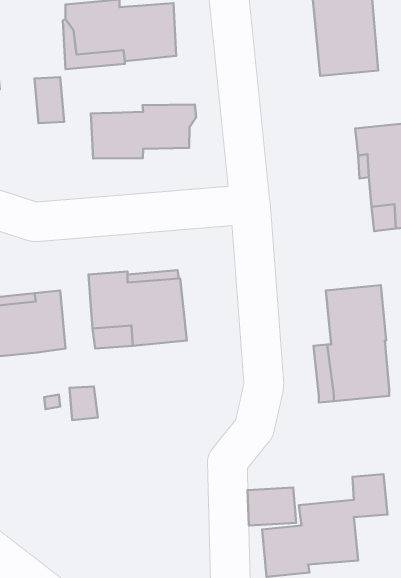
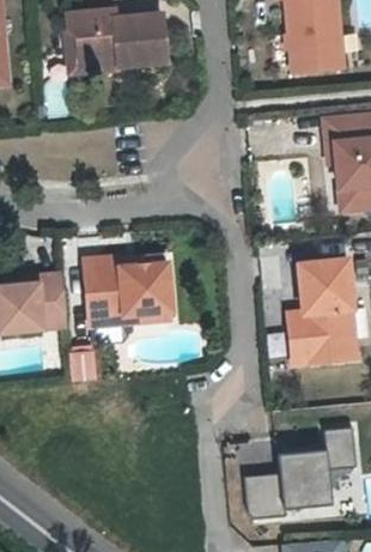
building: [91,105,196,158] -> none

